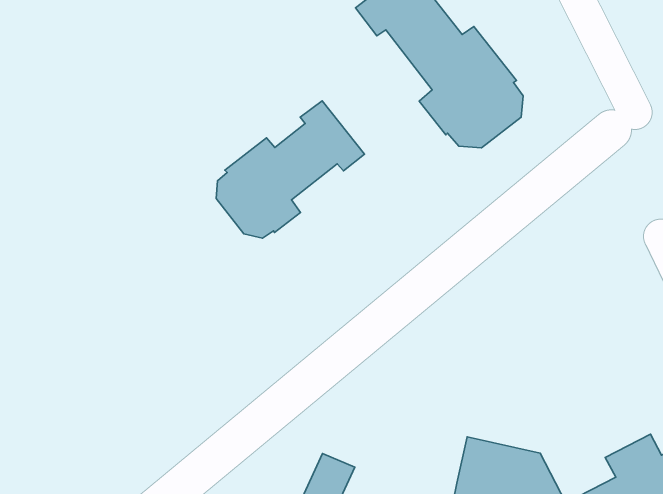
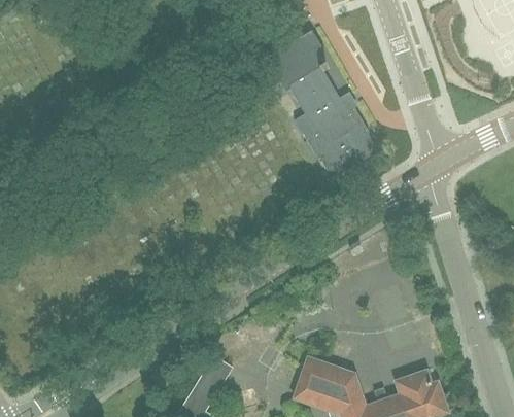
building: [216,101,364,238] -> none

